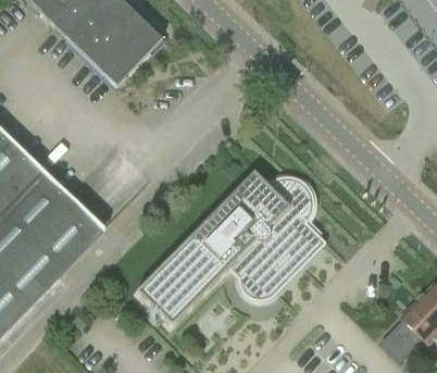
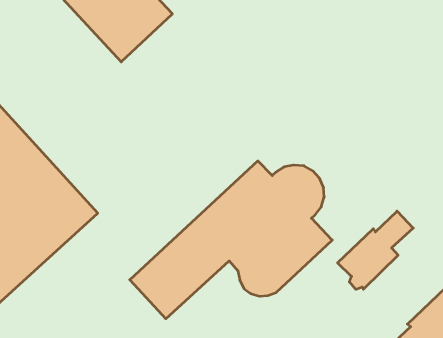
building: none -> [338,211,413,289]

